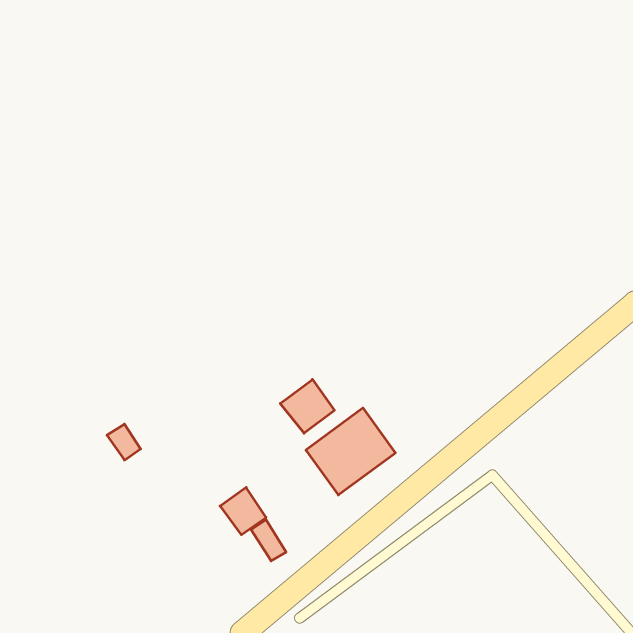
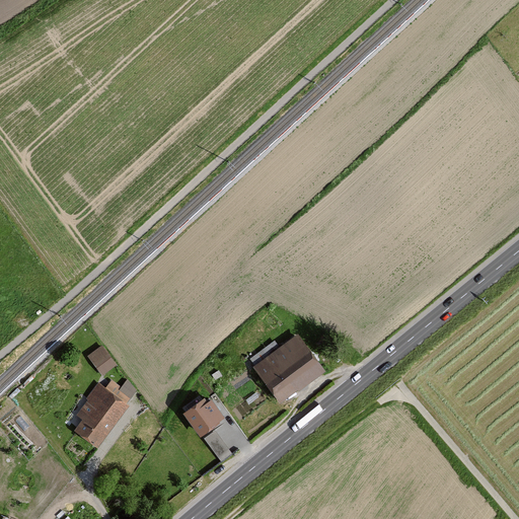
building: [280,379,334,433] -> none
building: none -> [74,379,133,447]

